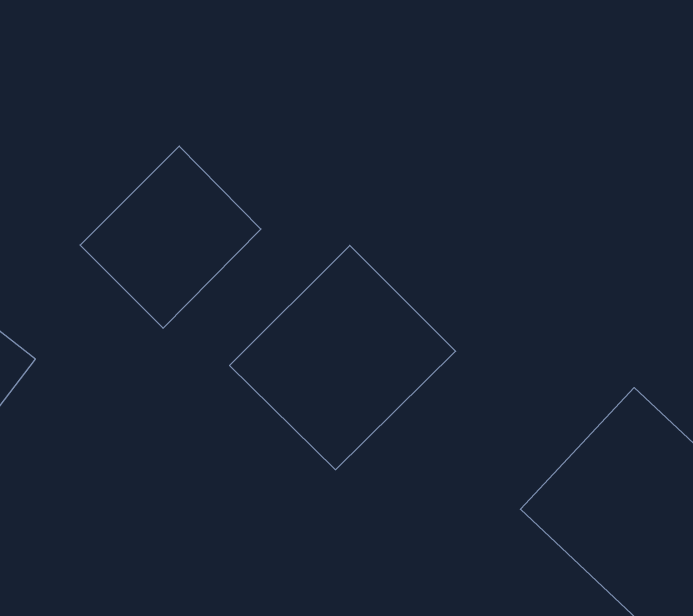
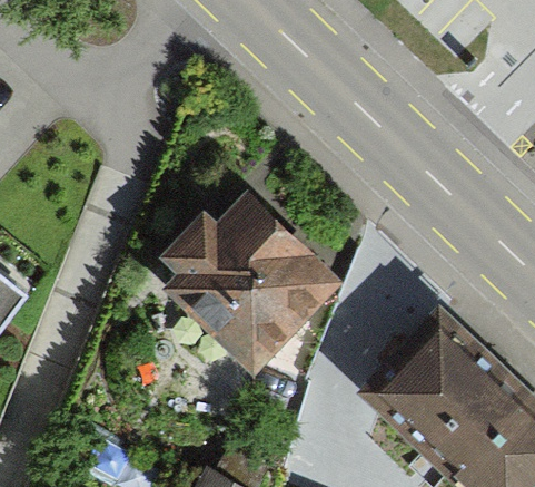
building: [80,146,261,328] -> none

